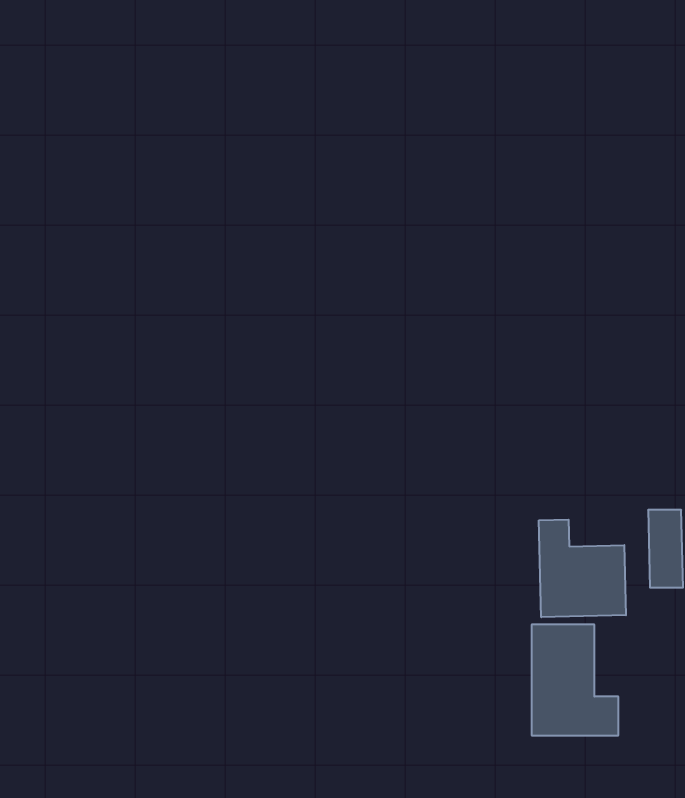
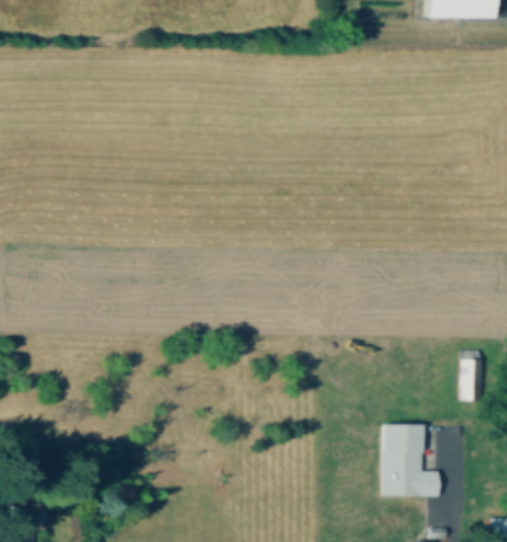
building: [539,520,626,617] -> none

